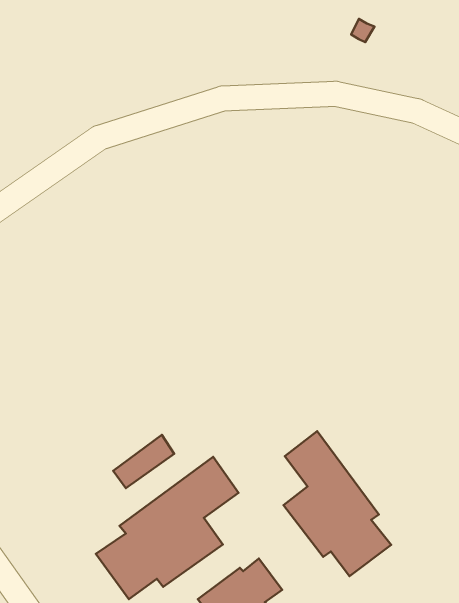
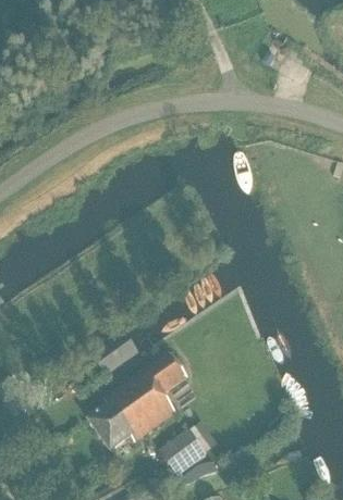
building: [283,431,391,576] -> none

